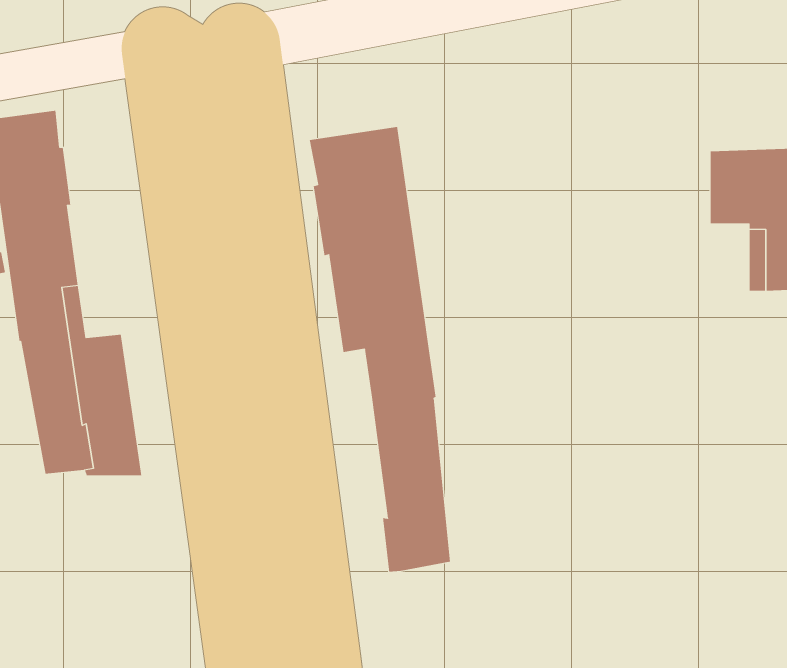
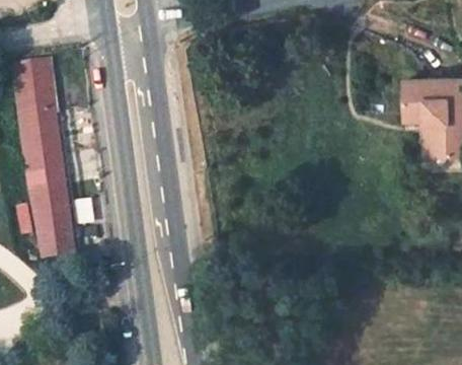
building: [309,126,451,572] -> none

